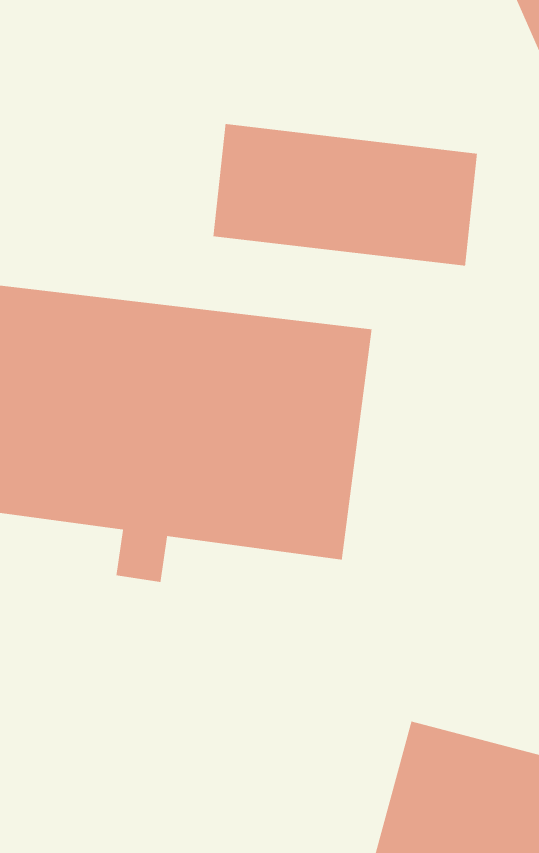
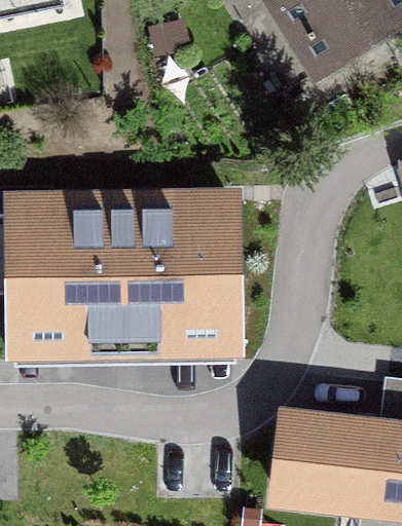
building: [213,123,478,267] -> none

